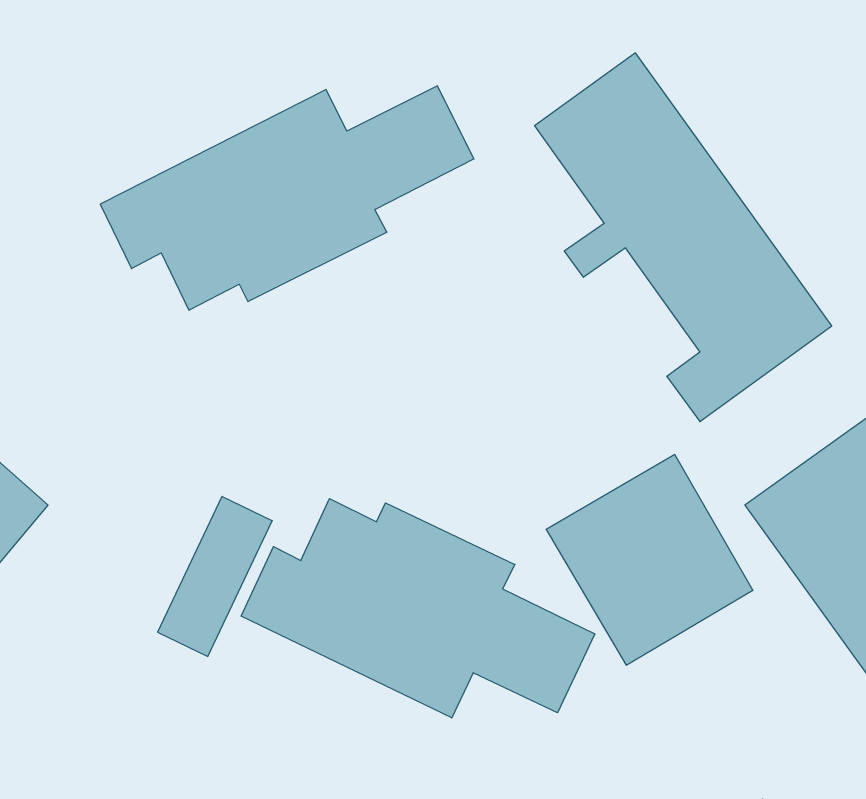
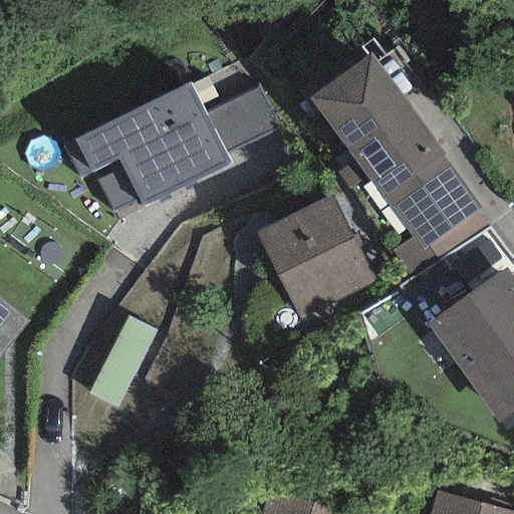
building: [546,455,753,665] -> [255,192,374,313]
building: [241,499,595,718] -> none

